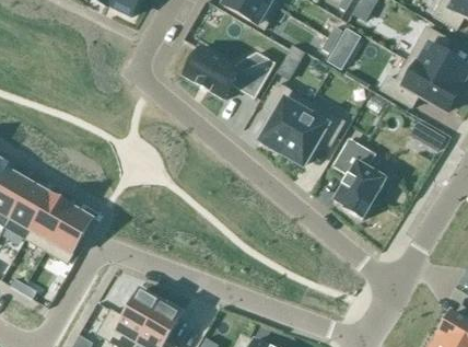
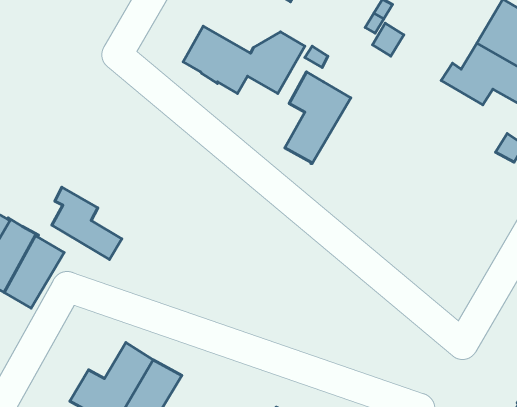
building: [280,101,342,163] -> none
building: [332,138,385,218] -> none
building: none -> [52,187,122,259]

